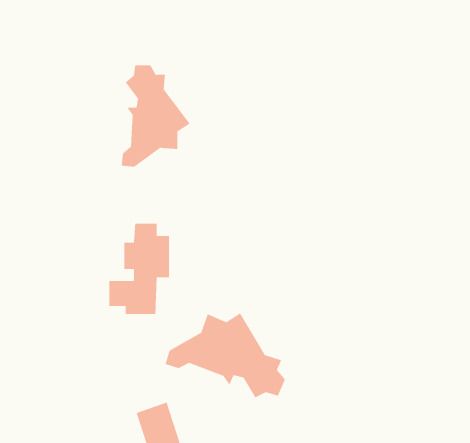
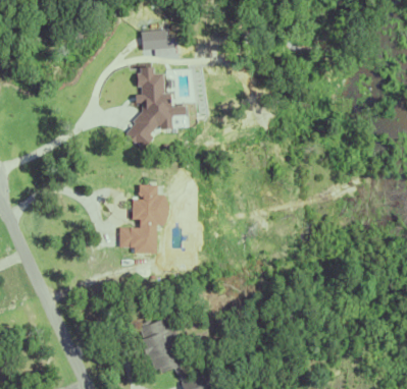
building: none -> [141,30,169,50]
building: [165,313,285,398] -> none

